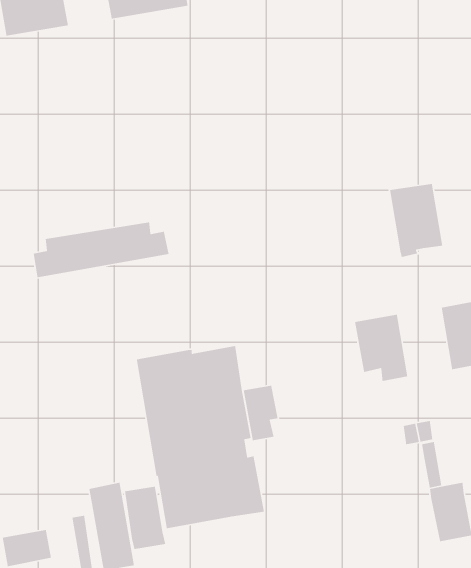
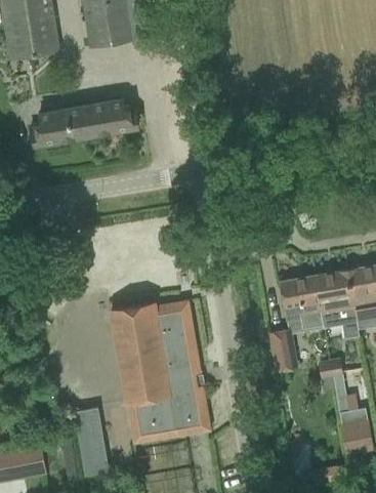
building: [389,183,443,258] -> [315,271,357,329]
building: [33,222,170,278] -> [32,100,138,145]
building: [243,385,278,441] -> [268,329,296,373]
building: [124,486,166,550] -> none

